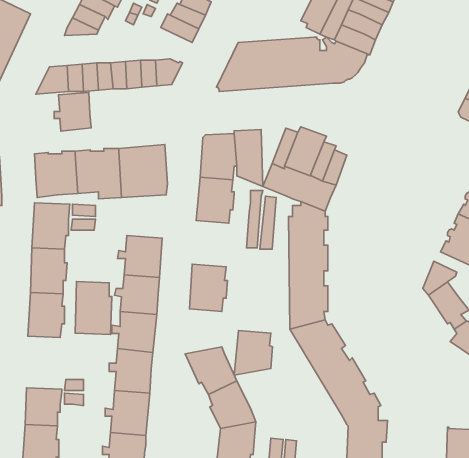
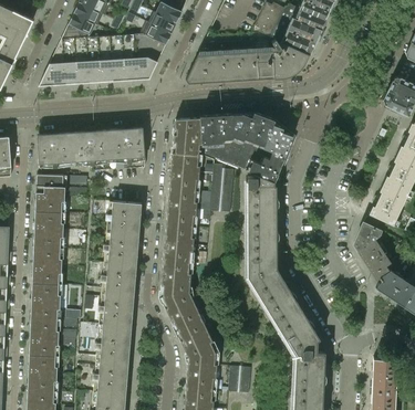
building: [54,93,91,131] -> none
building: none -> [222,114,242,161]
building: none -> [166,189,197,227]
building: [75,282,112,335] -> [31,283,61,326]
building: [234,330,272,375] -> [160,261,191,297]

